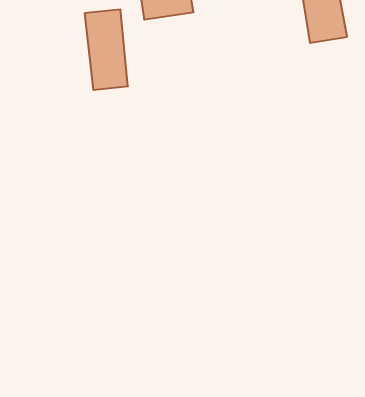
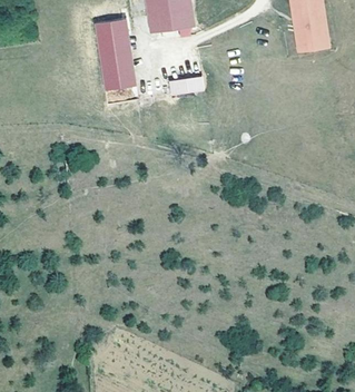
building: none -> [168,76,205,97]

